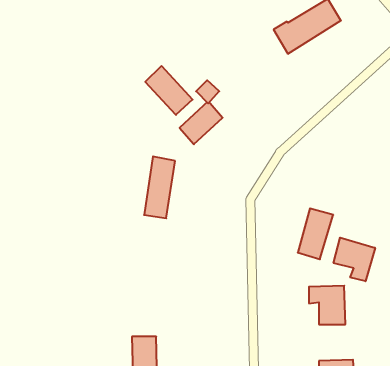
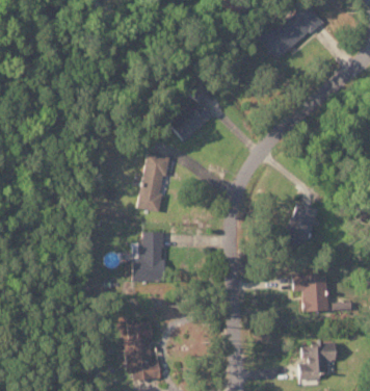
building: [145,66,193,115] -> none
building: [334,238,375,281] -> none
building: none -> [134,231,163,279]

